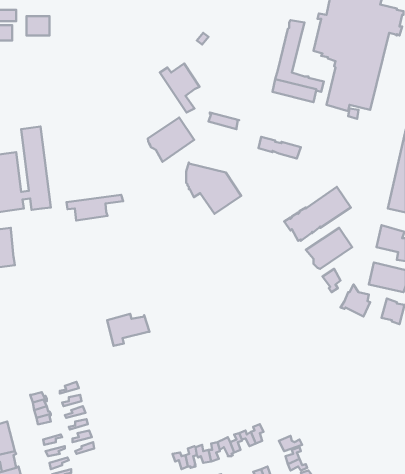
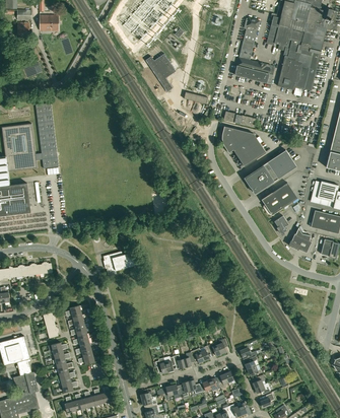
building: [148,118,194,162] -> none
building: [186,162,241,214] -> [222,126,266,166]
building: [66,195,123,220] -> none

